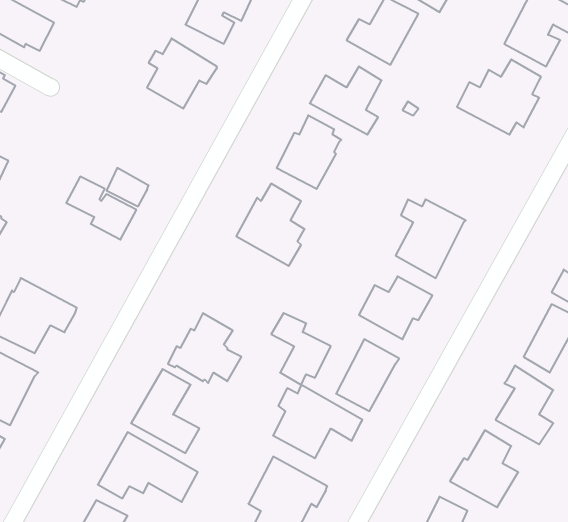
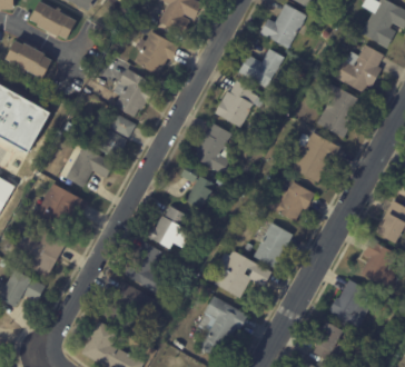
building: none -> [112,68,152,117]
building: none -> [319,83,364,137]
building: none -> [60,143,115,188]
building: [271,313,331,385] -> [181,162,219,208]

